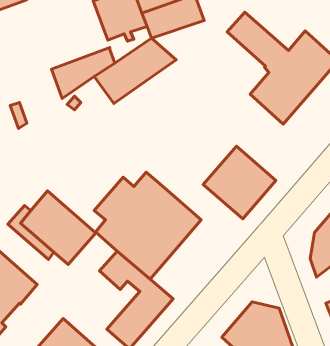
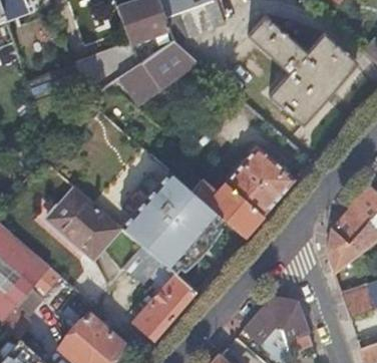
building: none -> [183,172,262,236]

